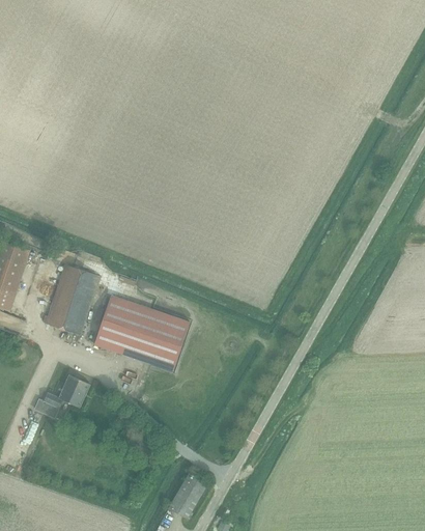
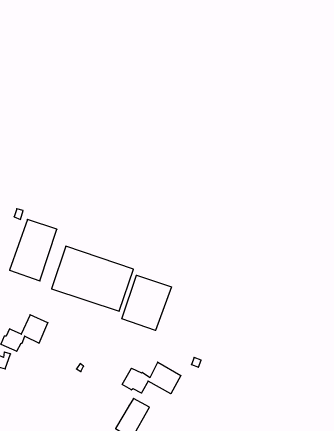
building: none -> [122,275,172,330]
building: none -> [122,362,181,394]

